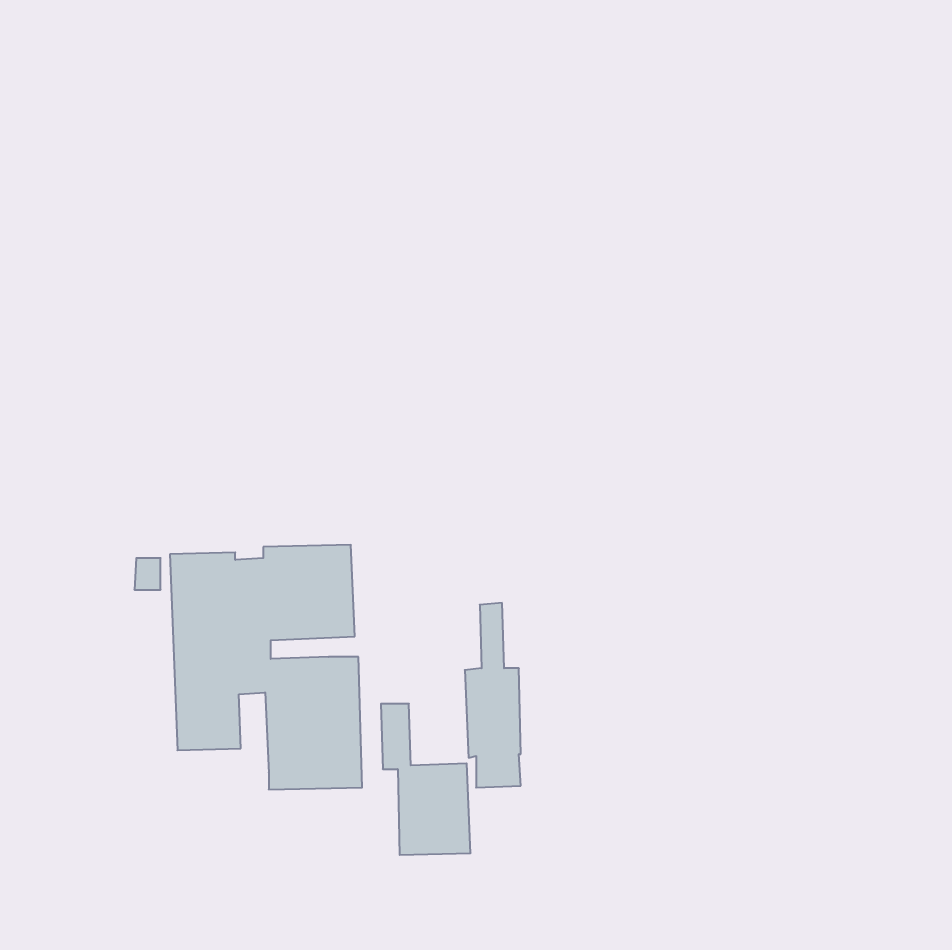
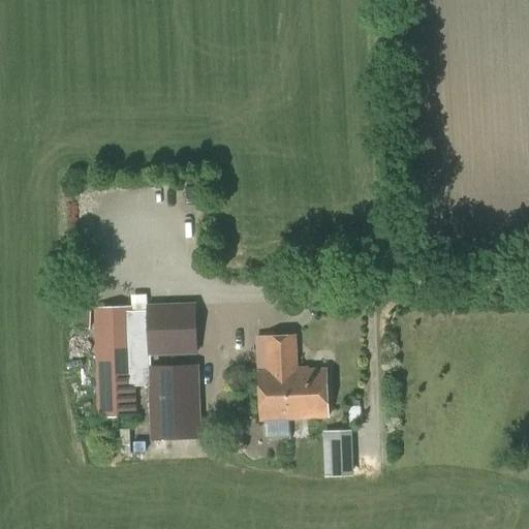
building: [381,704,471,855] -> [278,334,328,417]
building: none -> [321,429,352,475]

